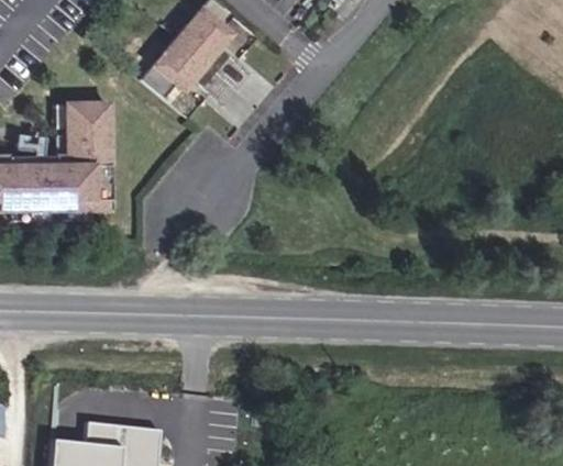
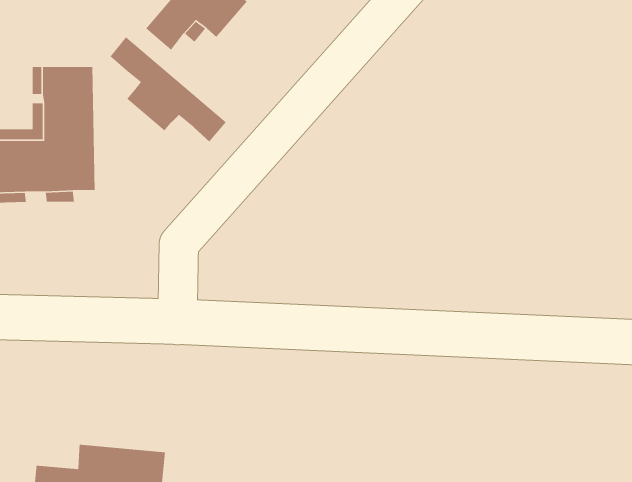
building: none -> [109,36,227,143]

